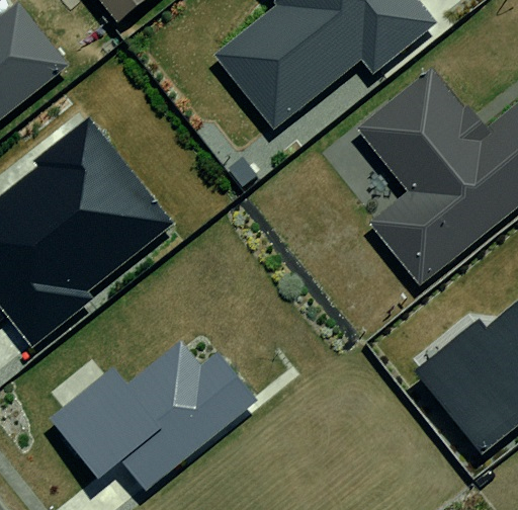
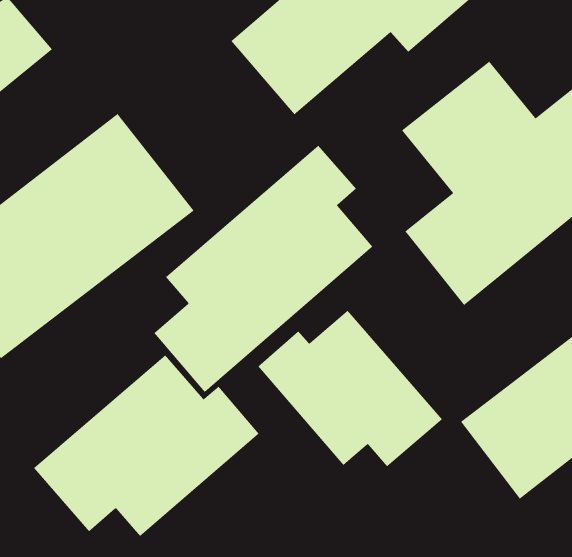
building: none -> [153,145,373,393]
building: none -> [257,310,443,467]

